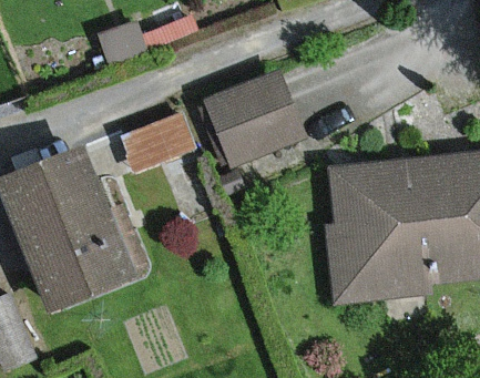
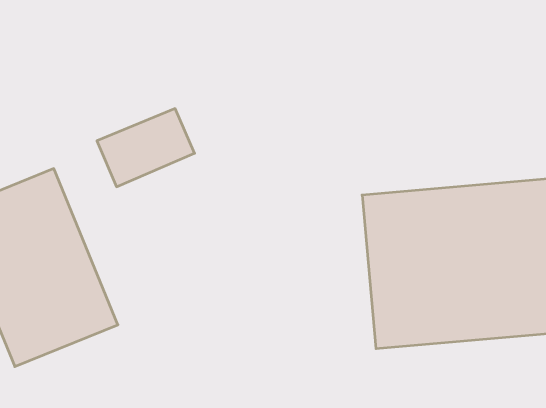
building: [210,76,303,162] -> none

